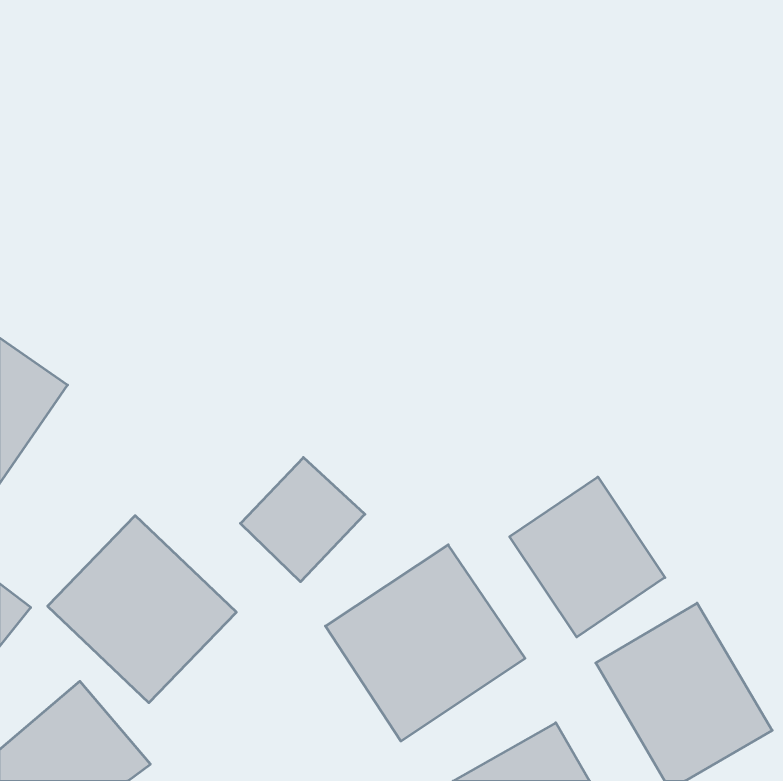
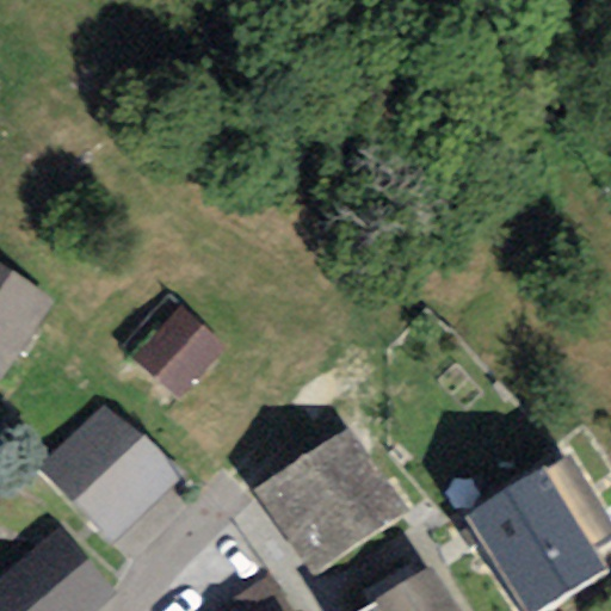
building: [240,457,365,582] -> [129,304,226,401]
building: [510,477,665,637] -> none

